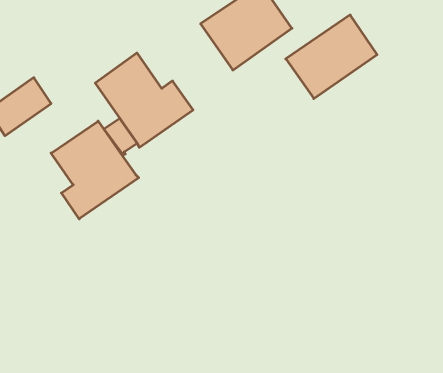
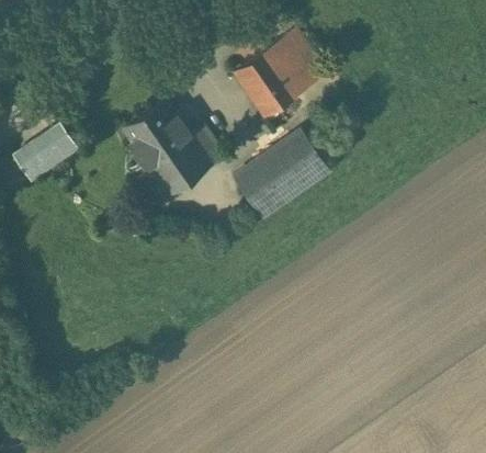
building: [286,15,377,99] -> [234,131,327,216]
building: [51,121,139,219] -> none

